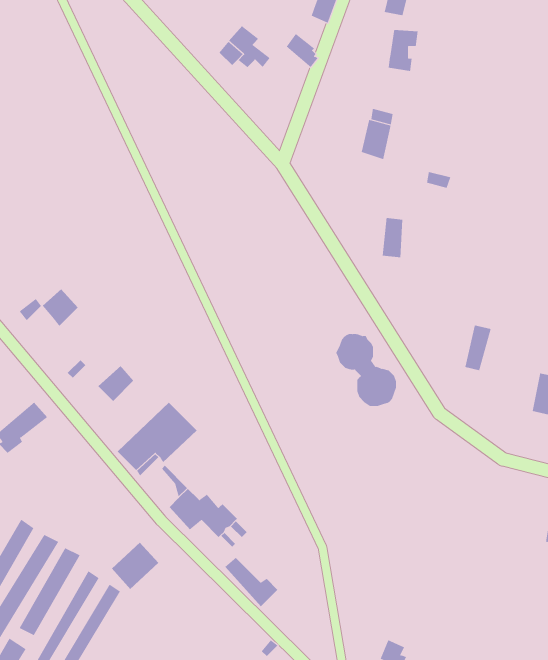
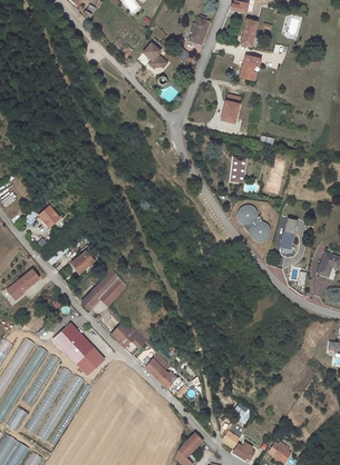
building: [335,334,397,407] -> [237,202,273,245]
building: none -> [54,325,94,366]

